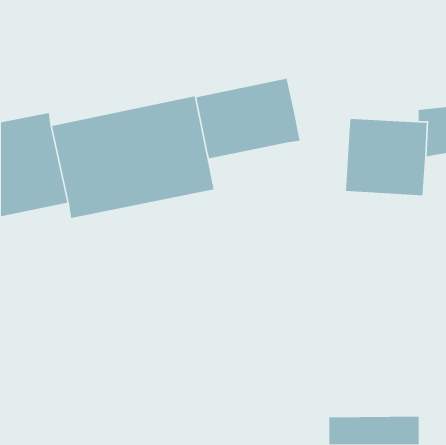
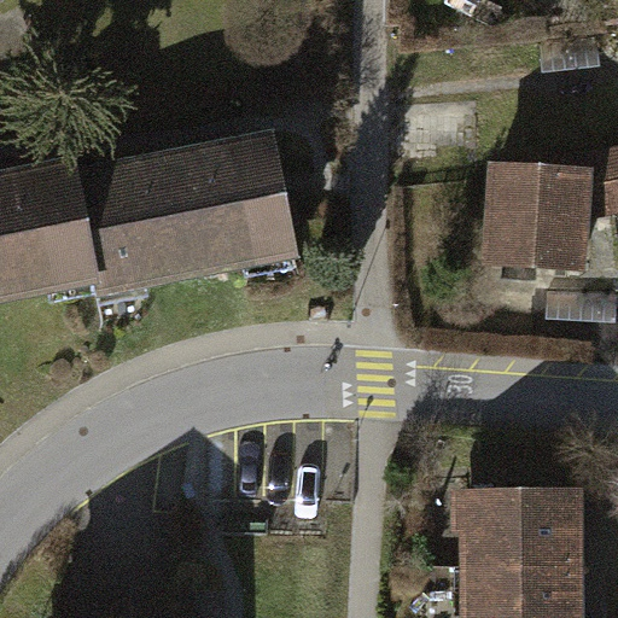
building: [195,78,300,159] -> none
building: none -> [454,489,581,570]

